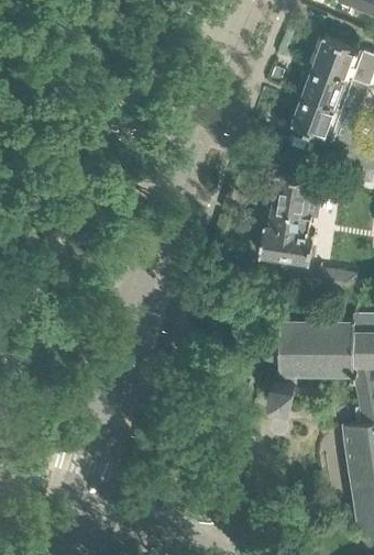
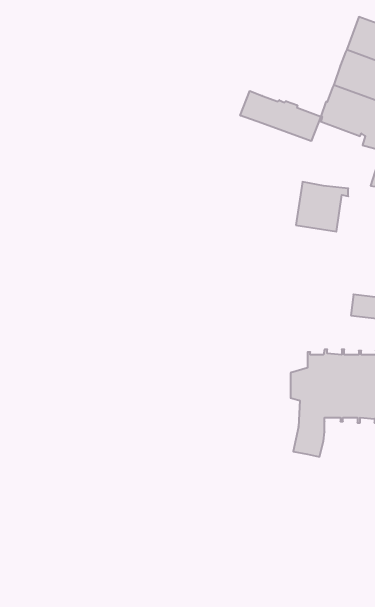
building: none -> [240,91,321,141]
building: [258,213,312,268] -> none

